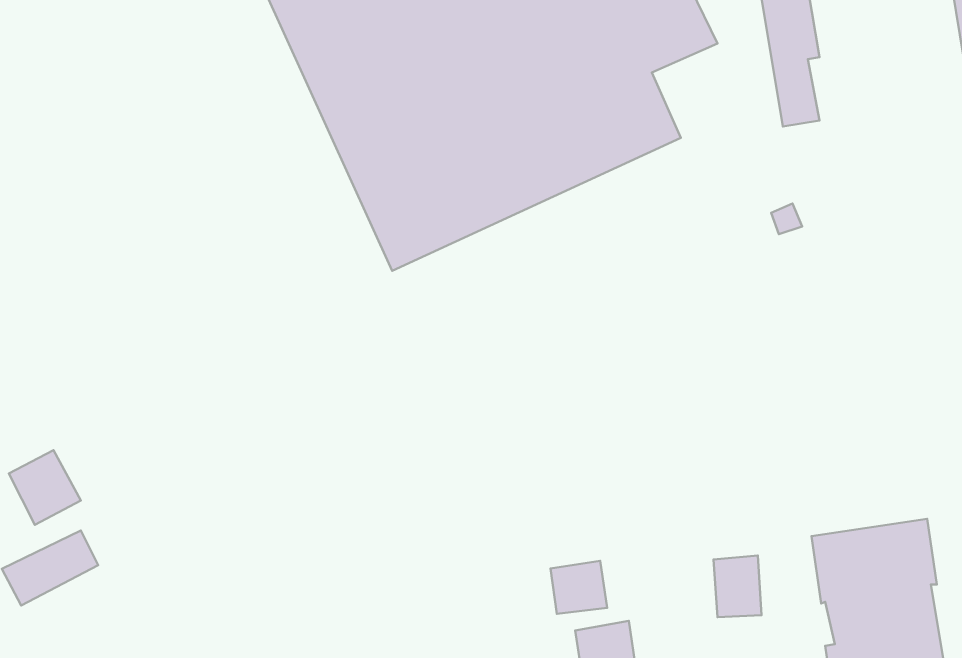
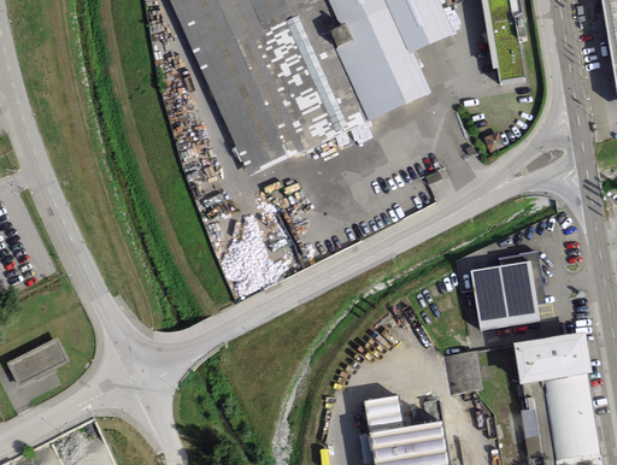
building: none -> [470,249,546,328]
building: [9,450,81,525] -> none
building: [550,561,607,614] -> none

